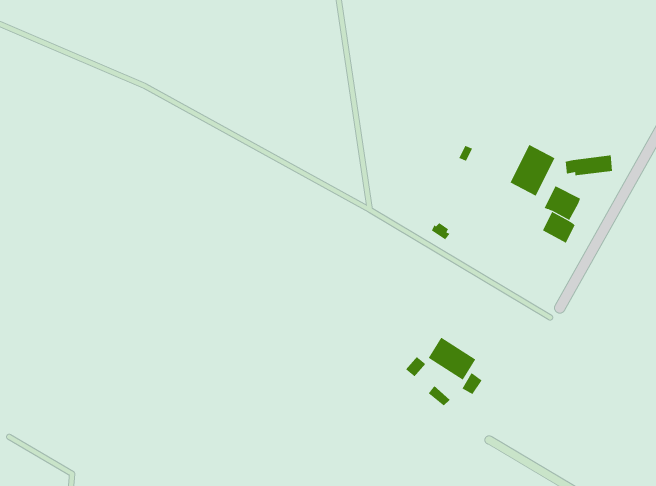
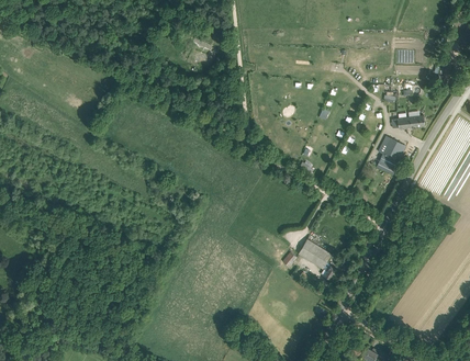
building: [510,144,555,196] -> none

